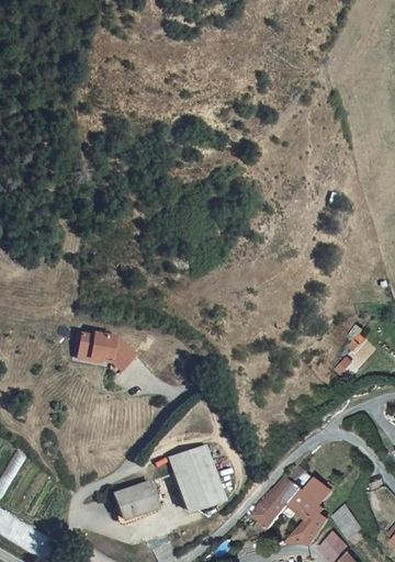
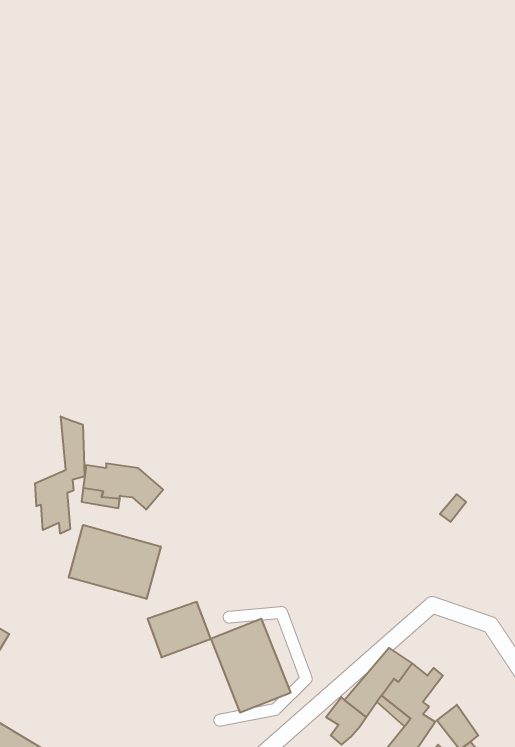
building: none -> [35,416,85,534]
building: none -> [69,525,161,599]
building: [113,479,158,518] -> [148,602,211,657]

